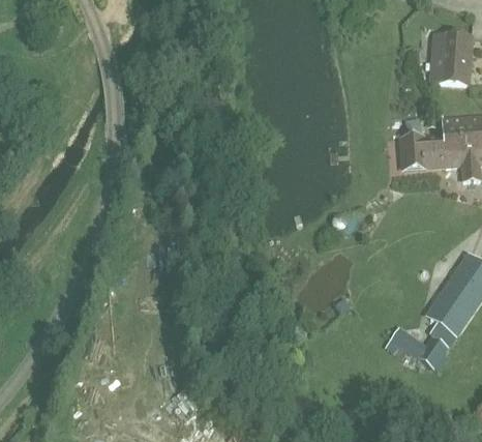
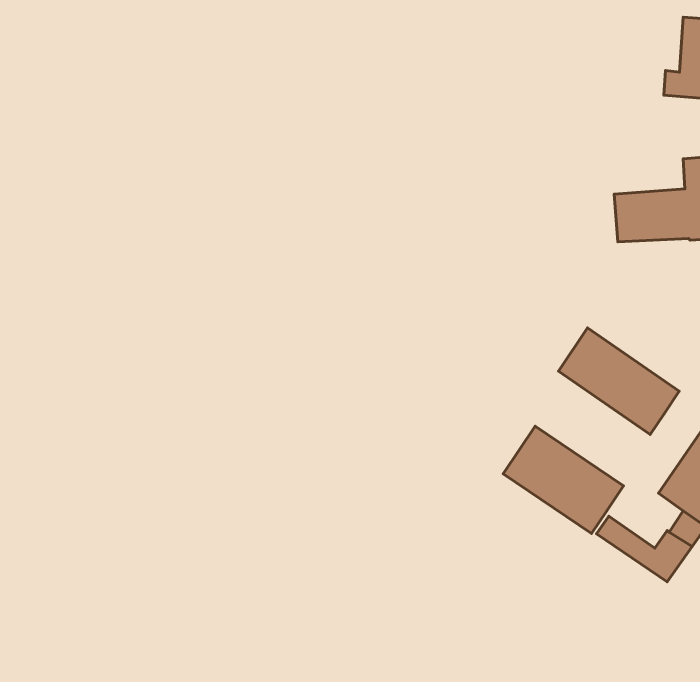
building: none -> [558,328,679,434]
building: none -> [503,426,623,534]

